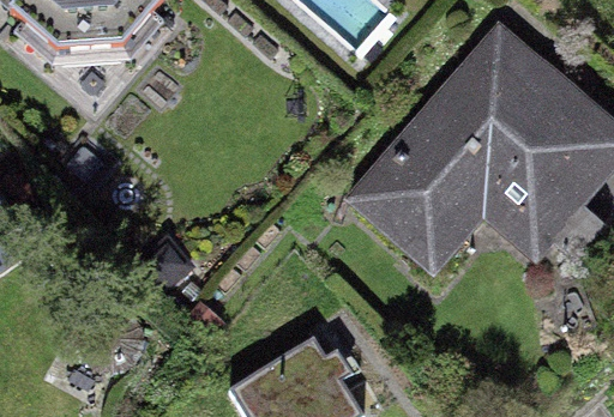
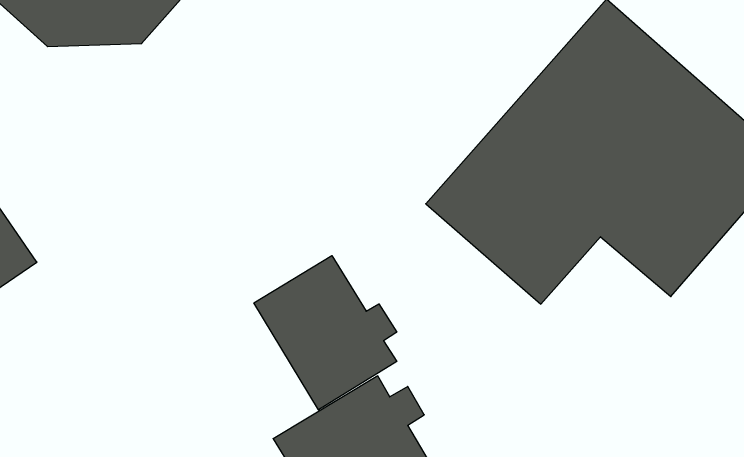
building: none -> [254,256,397,410]

